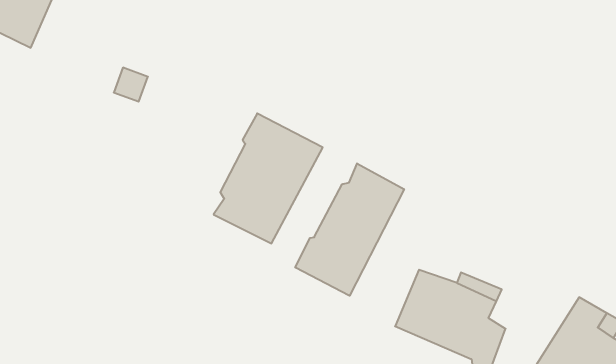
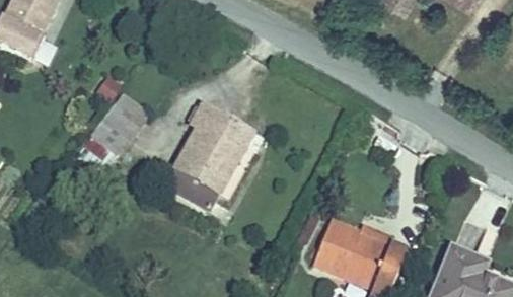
building: none -> [91,90,152,150]
building: [295,163,404,296] -> none

